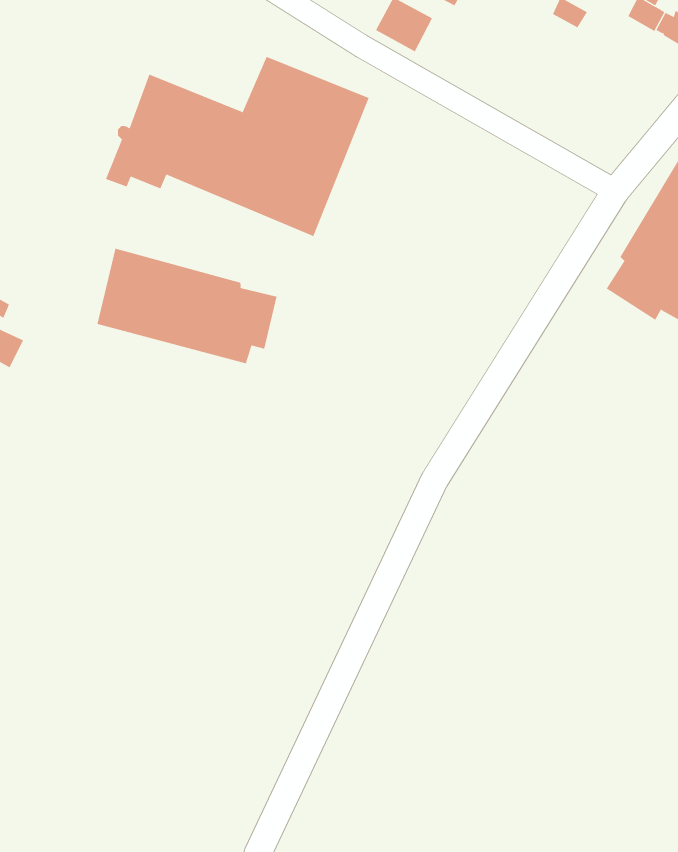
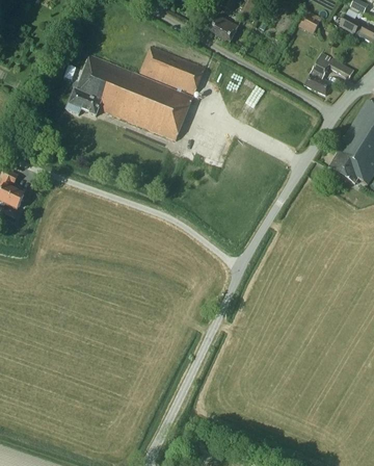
building: none -> [303,52,353,95]
building: [97,248,277,364] -> none

